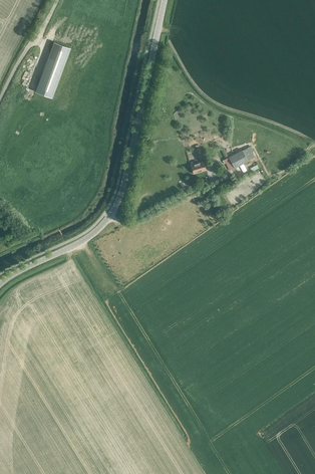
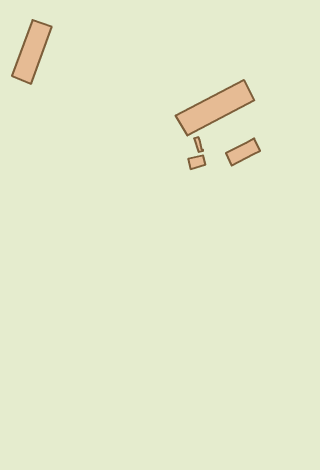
building: none -> [176,80,254,136]

